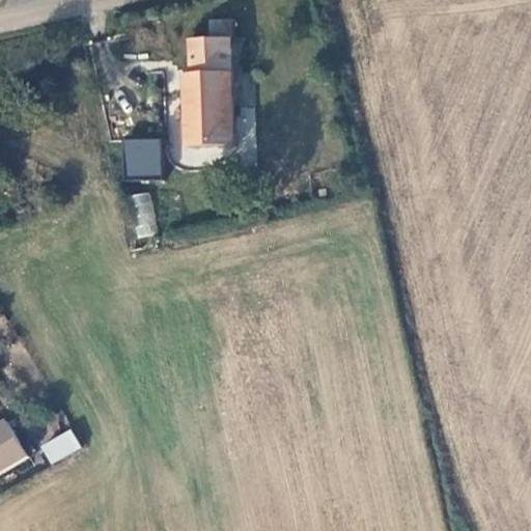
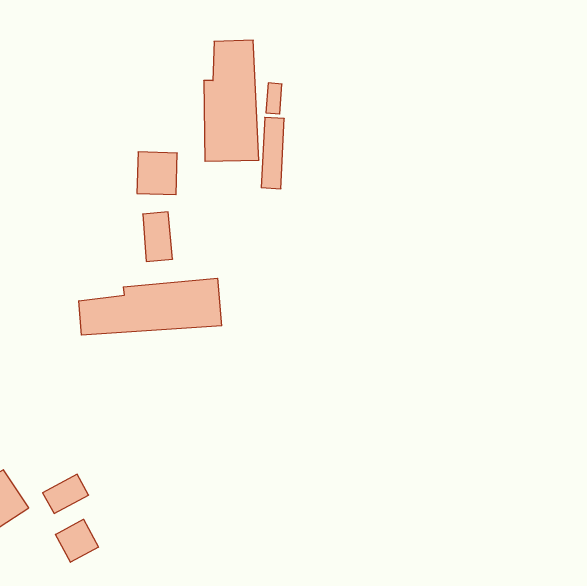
building: none -> [79,278,222,335]
building: none -> [55,519,98,562]

